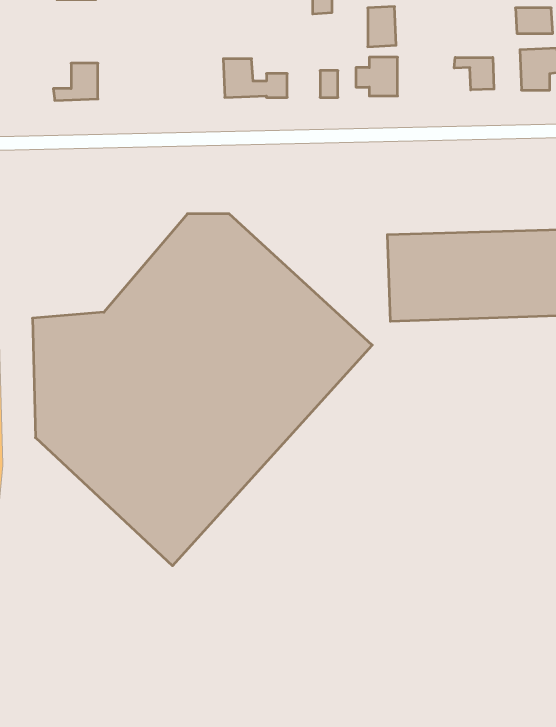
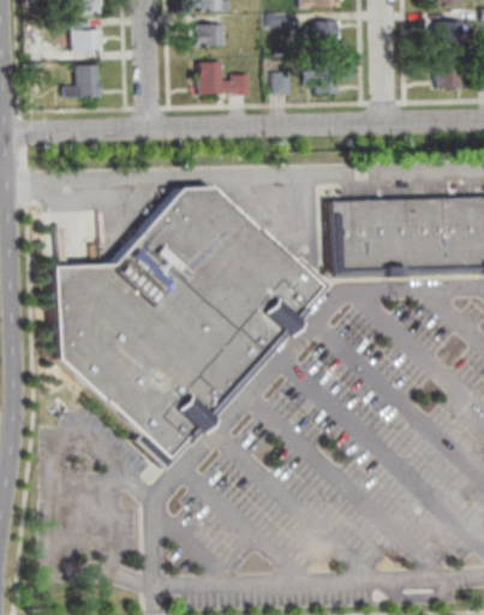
building: none -> [72,18,102,49]
building: none -> [196,22,226,43]
building: [454,57,494,90] -> none

